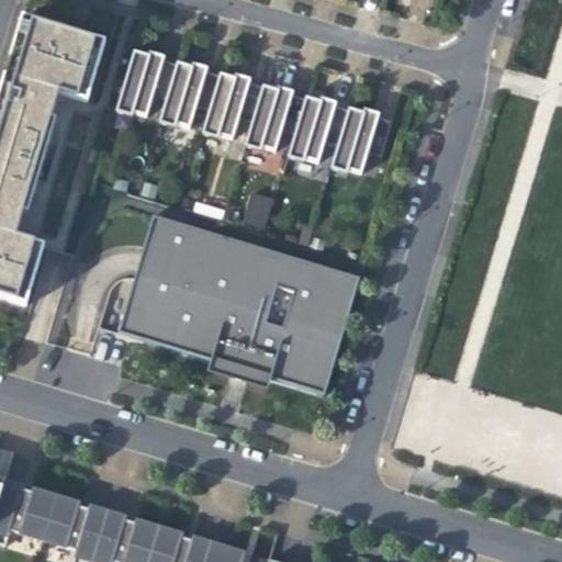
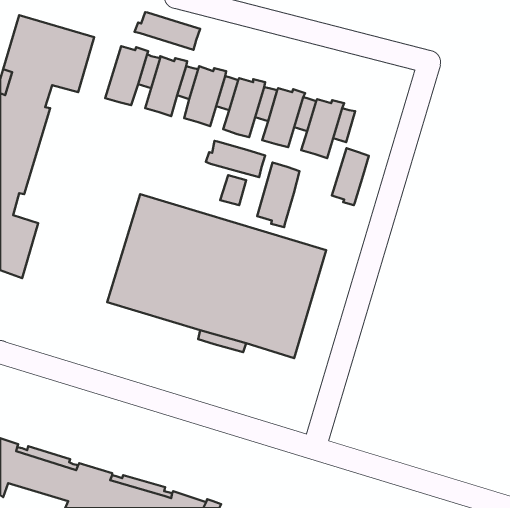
building: none -> [134,12,200,50]
building: none -> [206,141,265,177]
building: none -> [332,148,369,205]
building: none -> [257,162,299,227]

